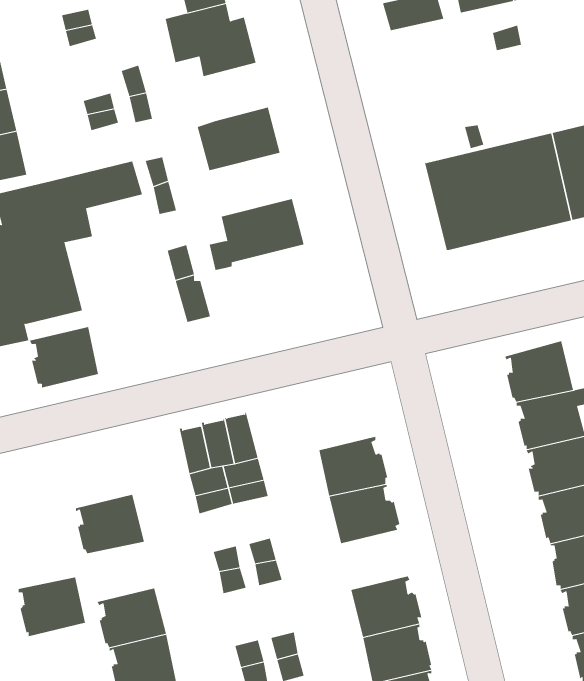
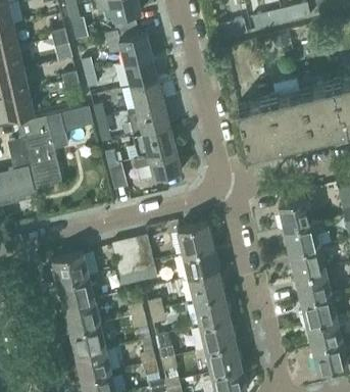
building: none -> [123,56,157,86]
building: none -> [127,102,169,135]
building: none -> [135,149,181,180]
building: [29,326,99,388] -> [52,252,88,284]
building: none -> [177,223,212,254]
building: none -> [194,295,230,326]
building: [18,577,86,637] -> [64,301,99,332]

